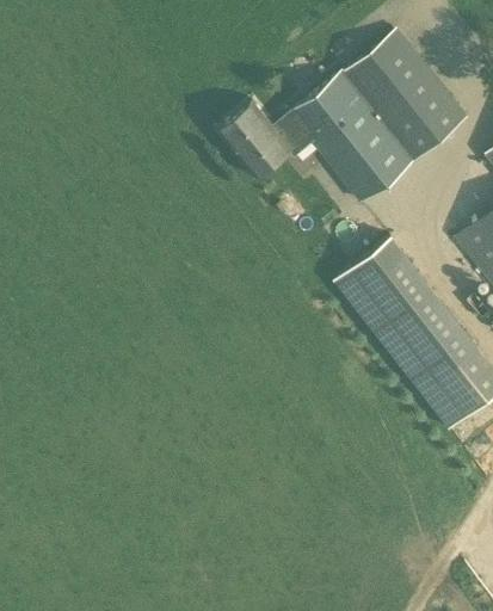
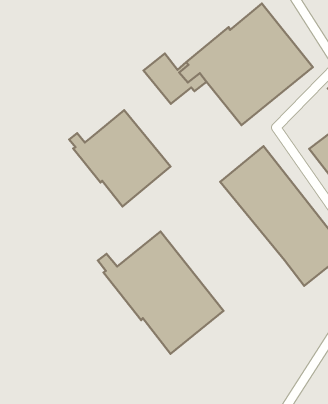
building: none -> [69,110,170,206]
building: none -> [98,232,224,354]

